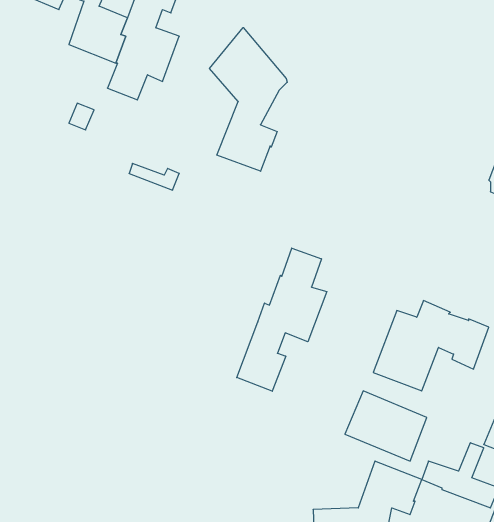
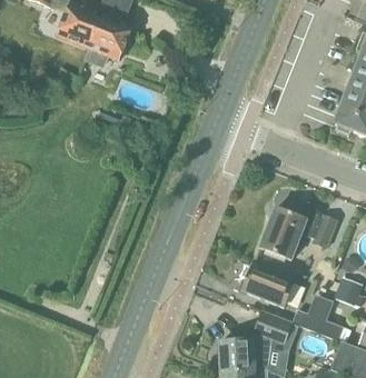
building: [210,28,287,171] -> none
building: [237,248,327,391] -> none

